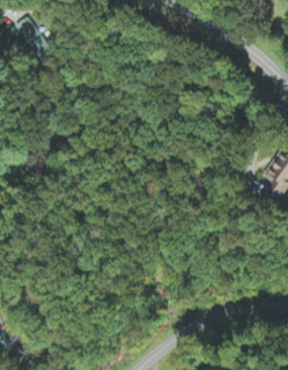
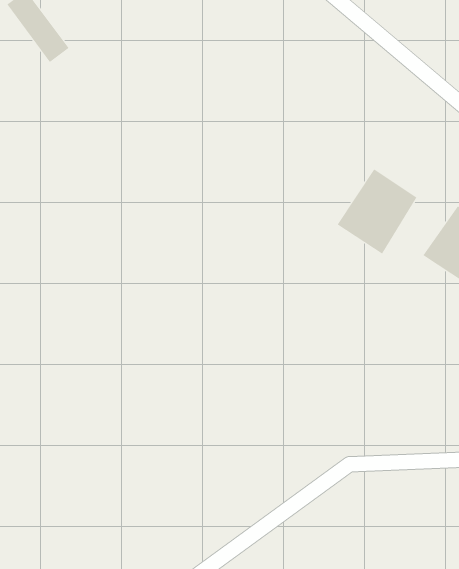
building: none -> [337,168,417,254]

